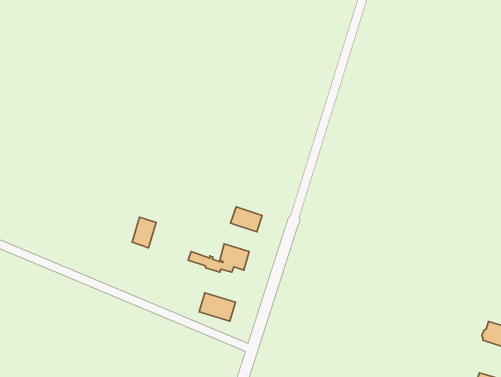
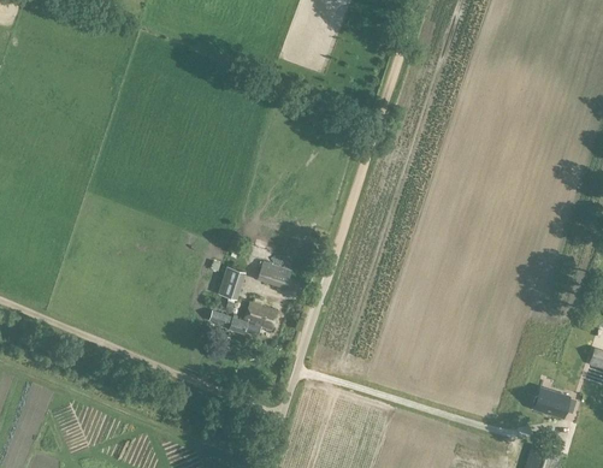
building: [132,217,156,248] -> [220,266,247,300]
building: [199,293,236,321] -> none

